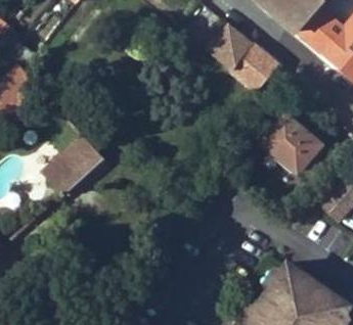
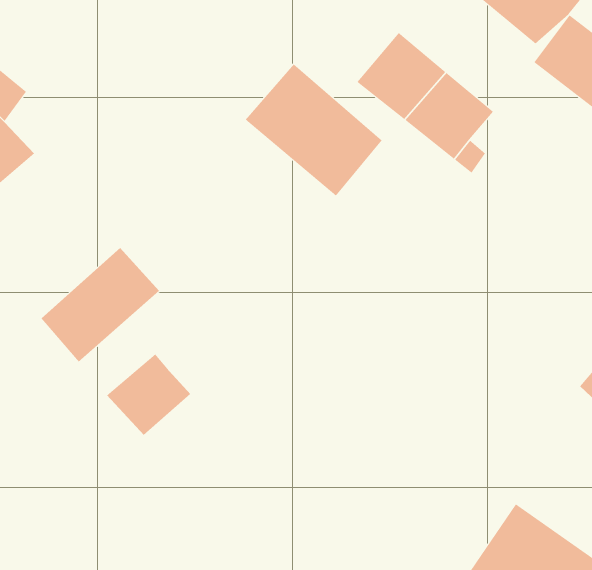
building: none -> [245,64,382,197]
building: [260,111,319,170] -> none
building: none -> [106,353,191,436]

